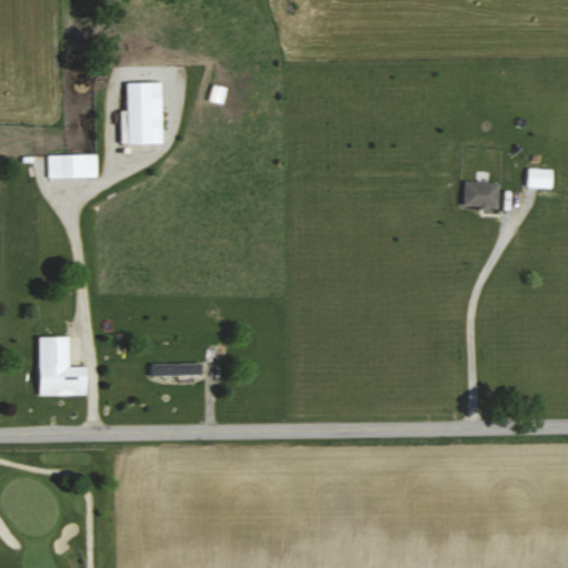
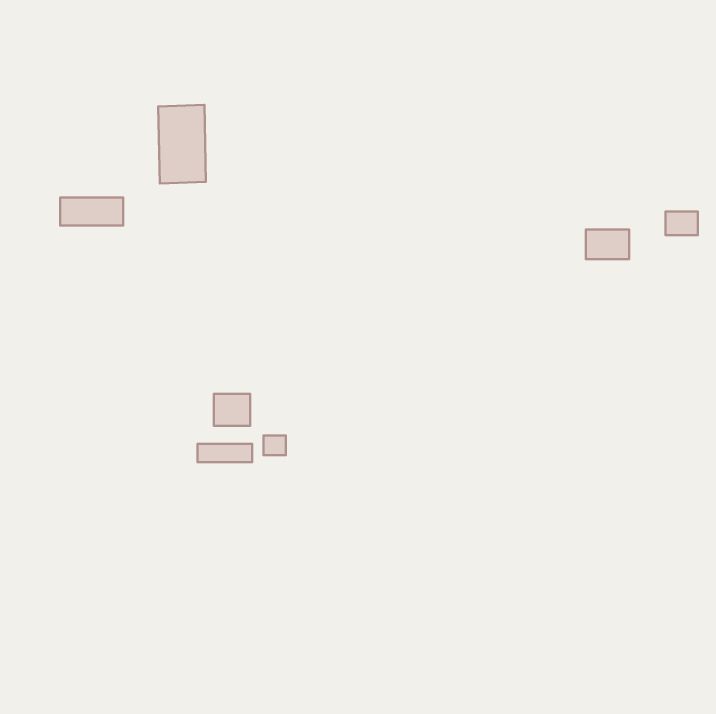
building: none -> [214,394,250,426]
building: [39,337,87,396] -> none

